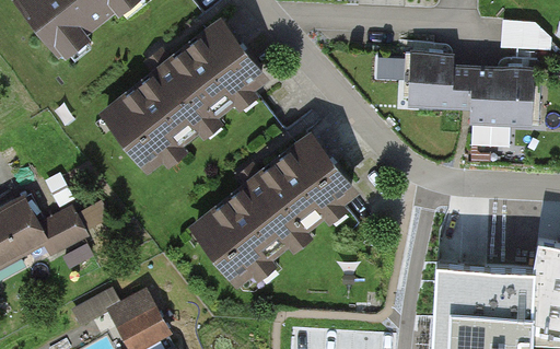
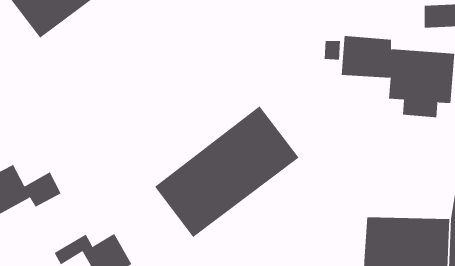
building: [98,23,267,176] -> none

